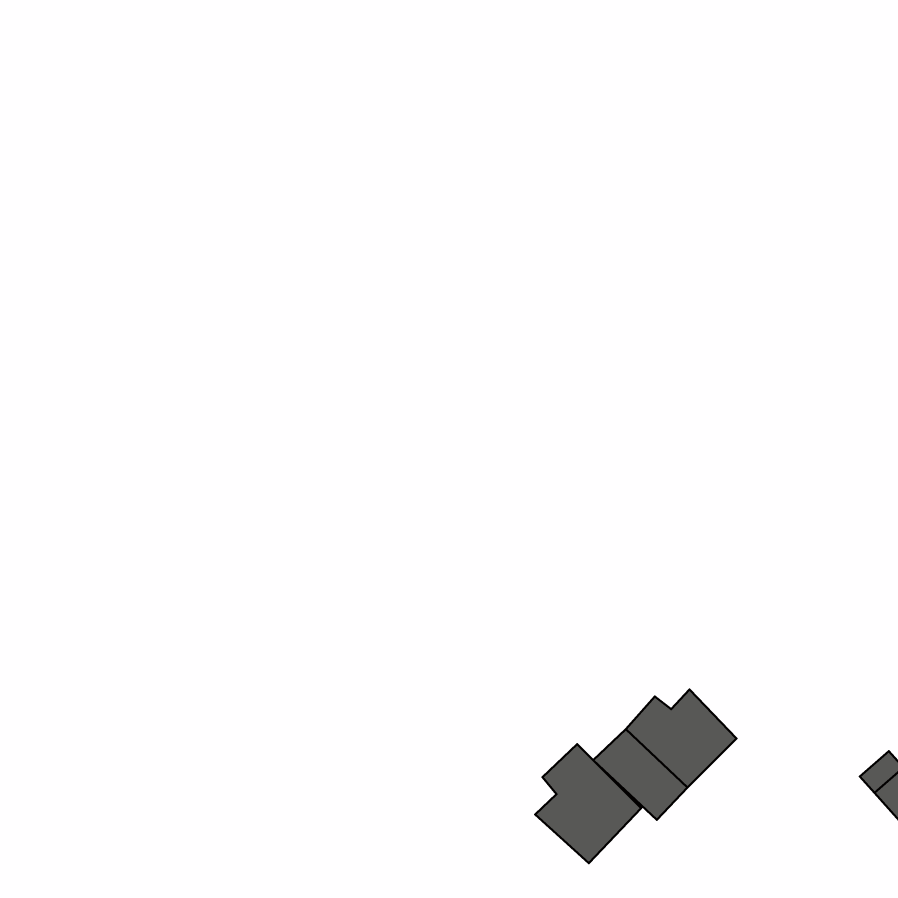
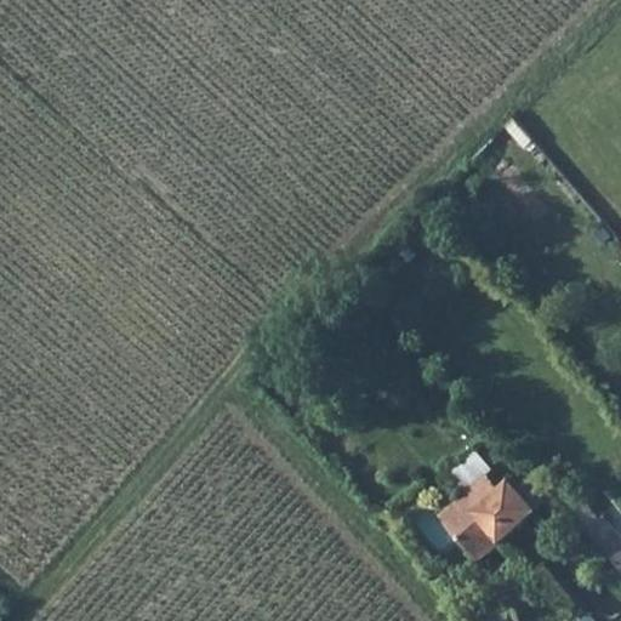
building: [535,744,641,863] -> none

